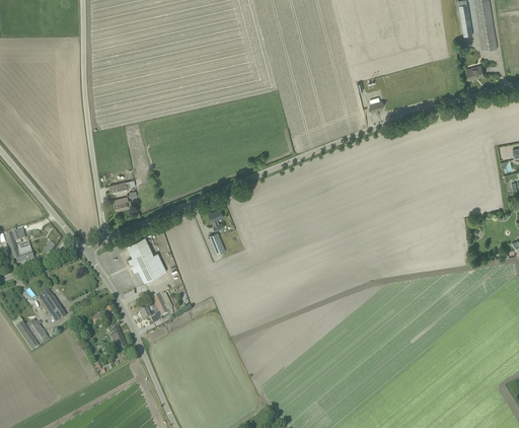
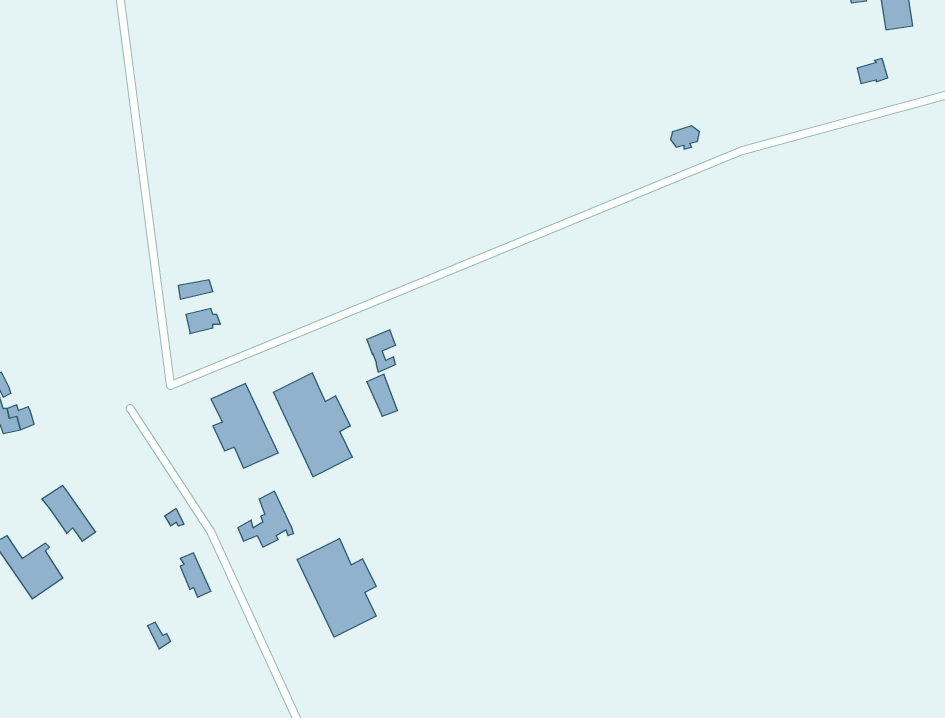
building: none -> [273,373,352,477]
building: none -> [297,538,376,637]

